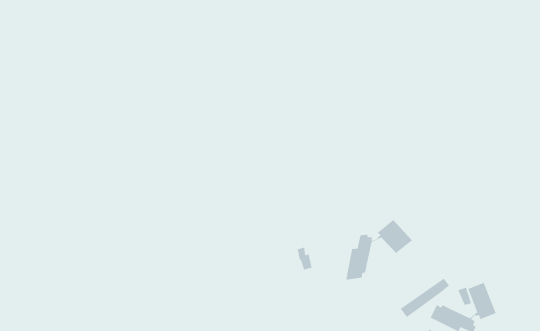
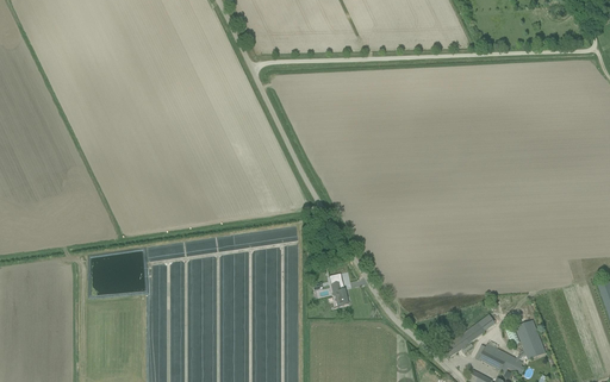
building: [346,219,413,280] -> none

